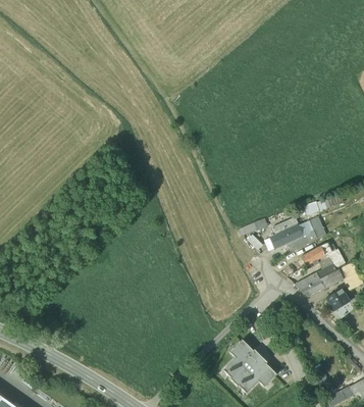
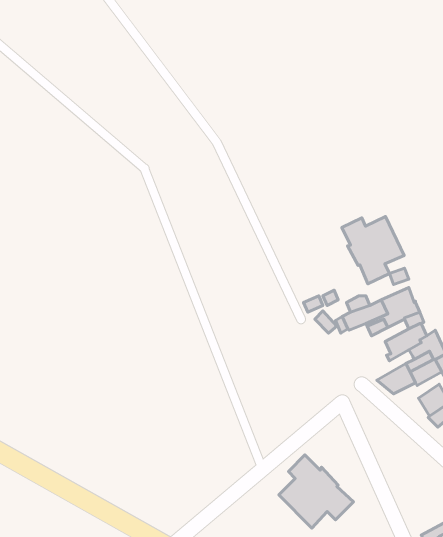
building: none -> [342,217,404,284]

